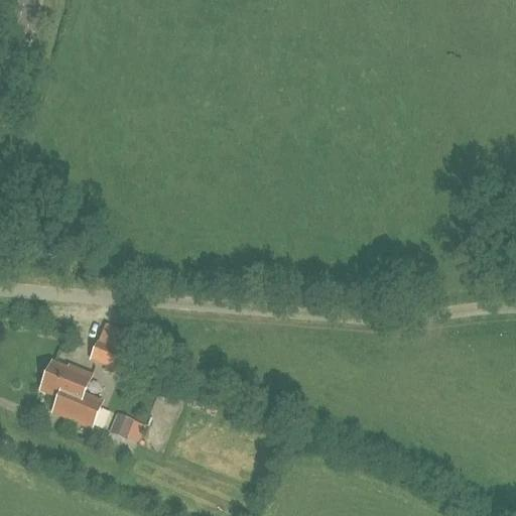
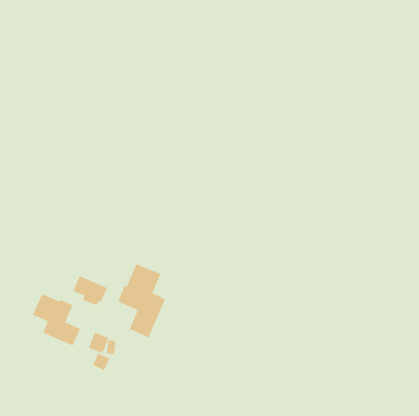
building: none -> [117,264,166,338]

